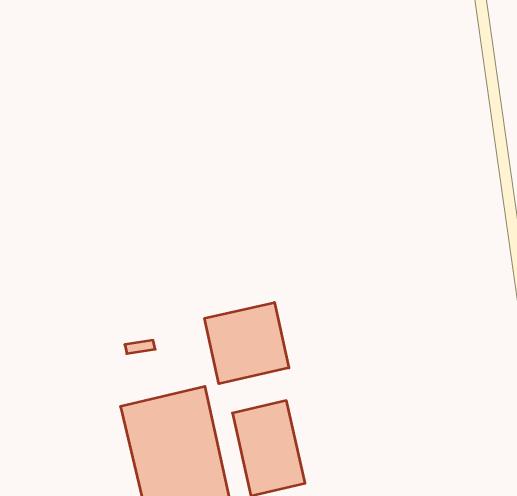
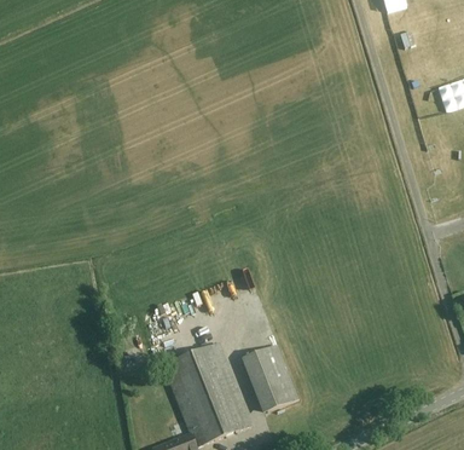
building: [205,302,289,384] -> none

